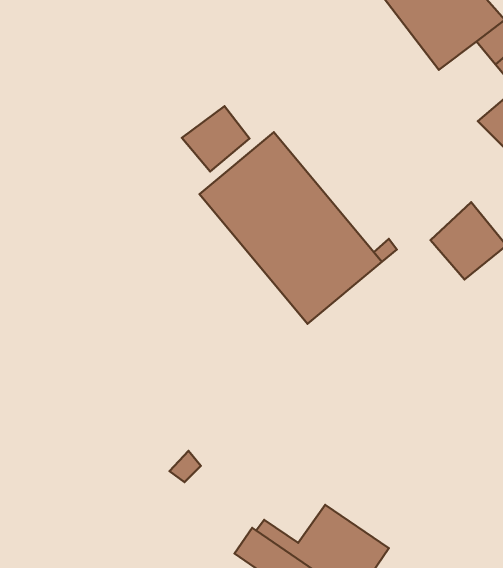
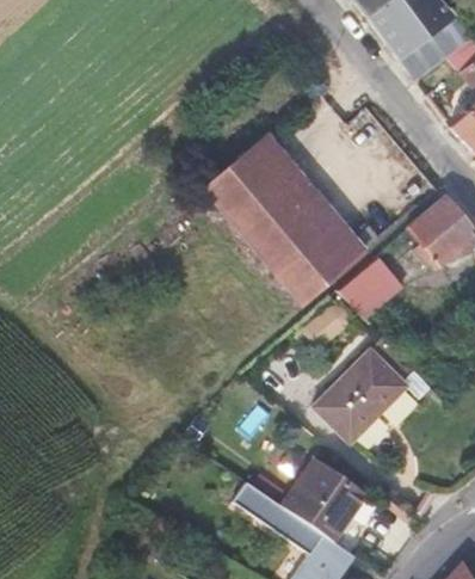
building: [182,106,250,172] -> none
building: none -> [338,258,402,319]
building: none -> [314,340,413,442]

